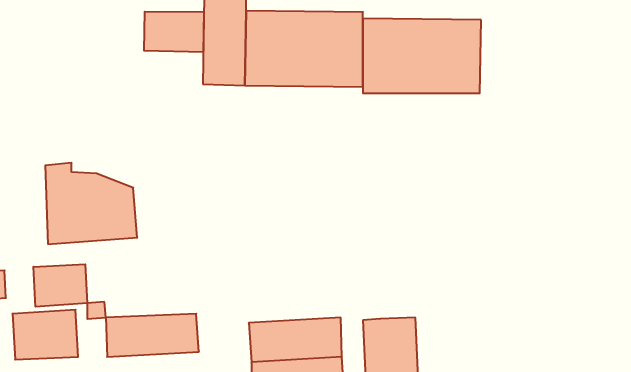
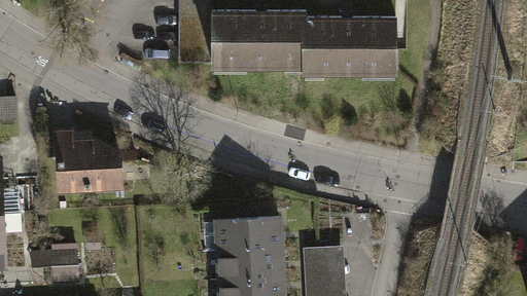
building: [144,12,204,52] -> none
building: [33,264,87,307] -> none
building: [106,314,199,357] -> [212,221,285,255]

